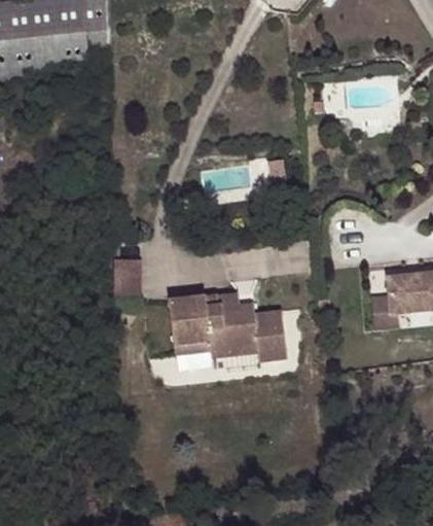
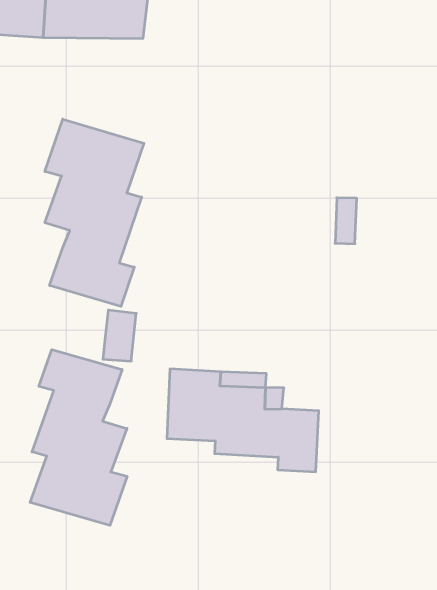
building: none -> [45,119,144,306]
building: none -> [30,350,127,525]

